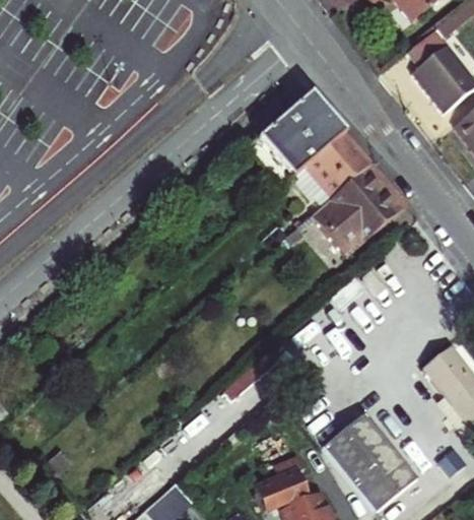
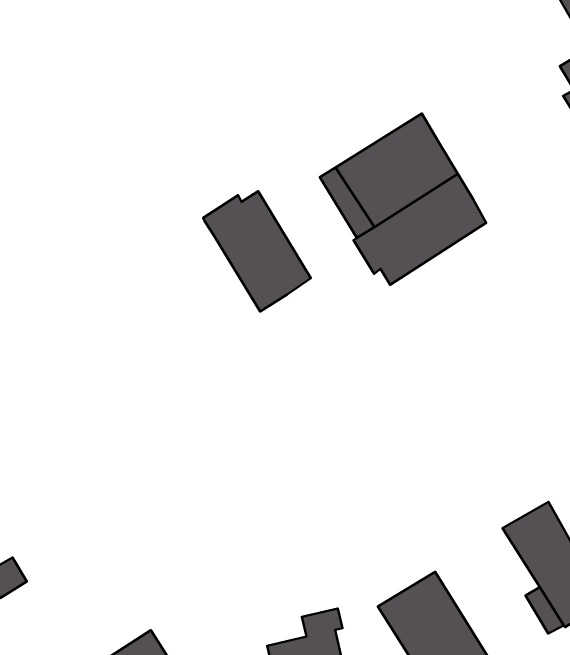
building: none -> [203,191,311,312]
building: [296,167,404,260] -> none

